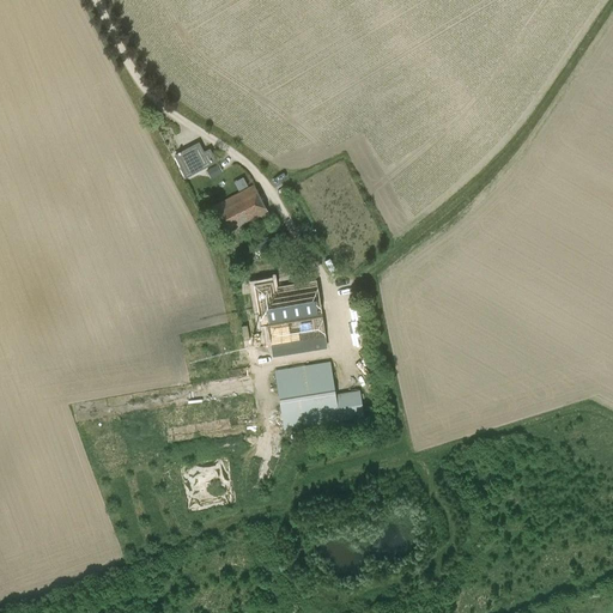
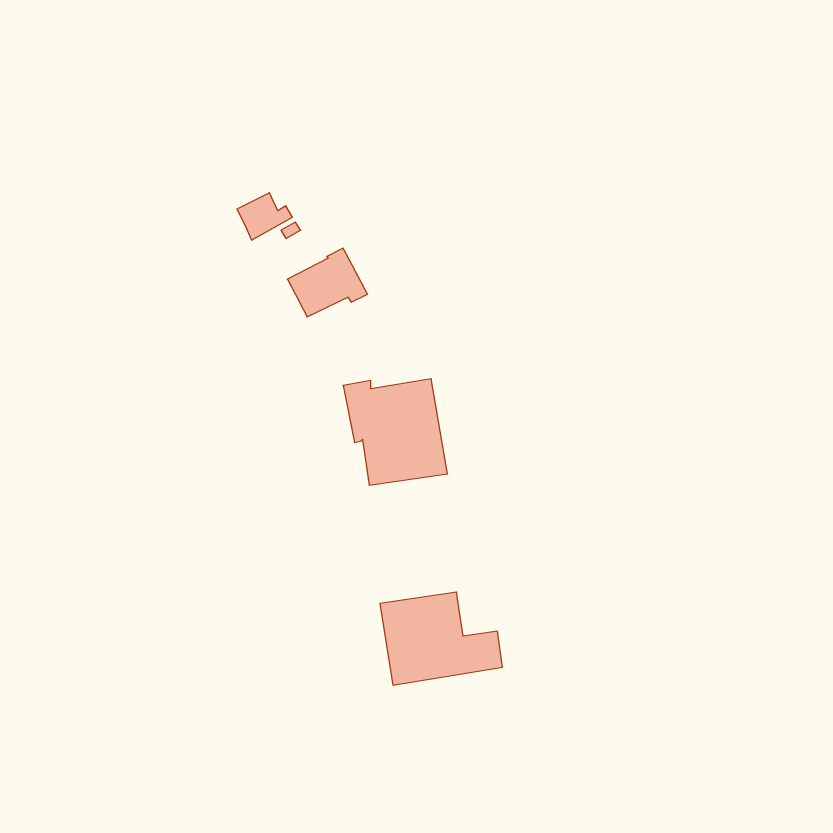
building: [273,360,363,429] -> [380,592,502,685]

